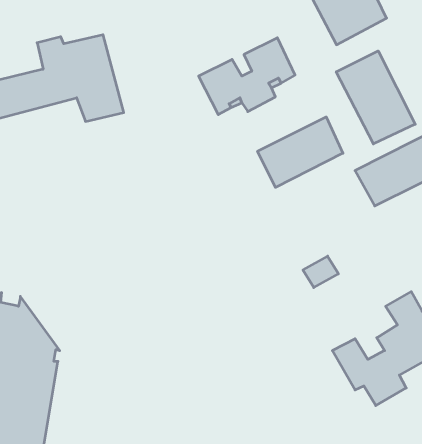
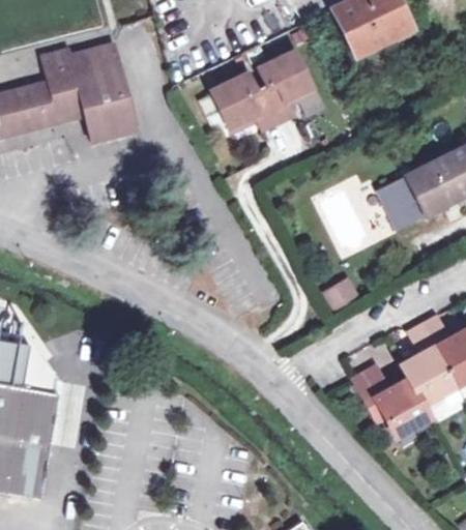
building: [336,51,415,144] -> none
building: [258,117,343,187] -> none

